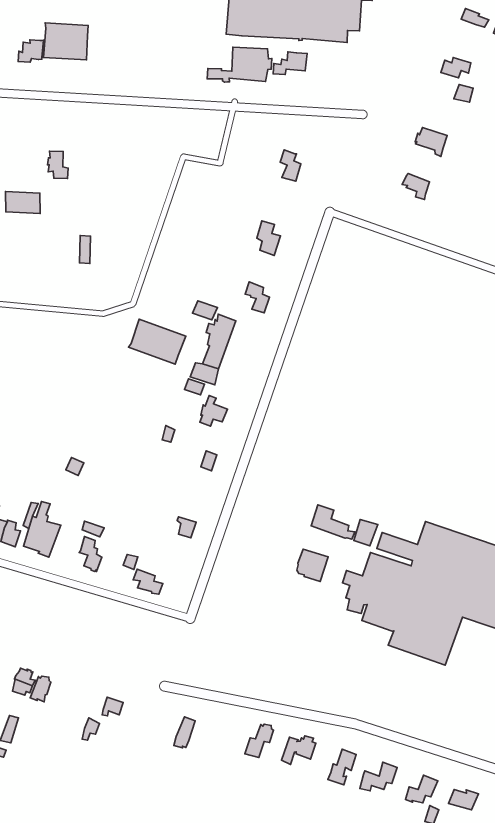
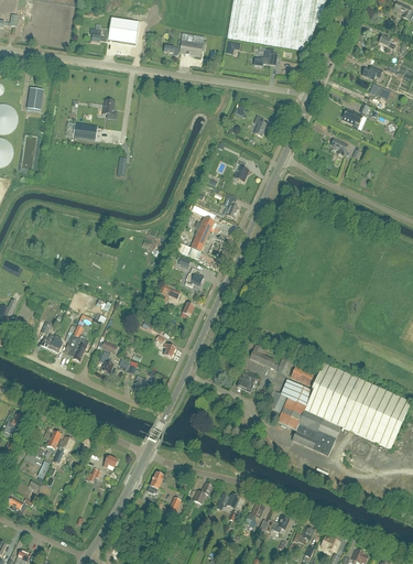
building: [207,47,272,82] -> [163,33,206,57]
building: [129,319,186,364] -> none

